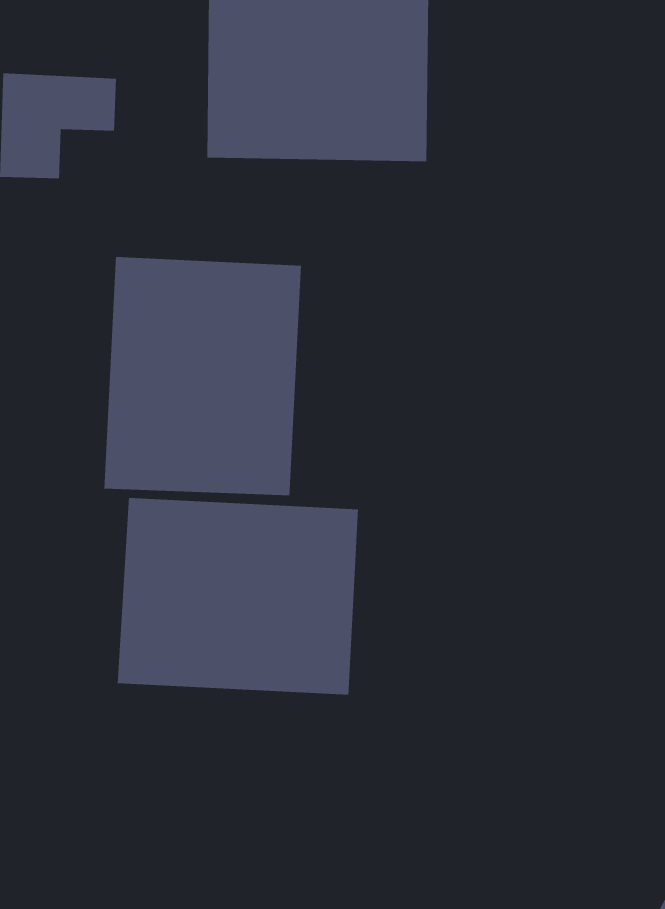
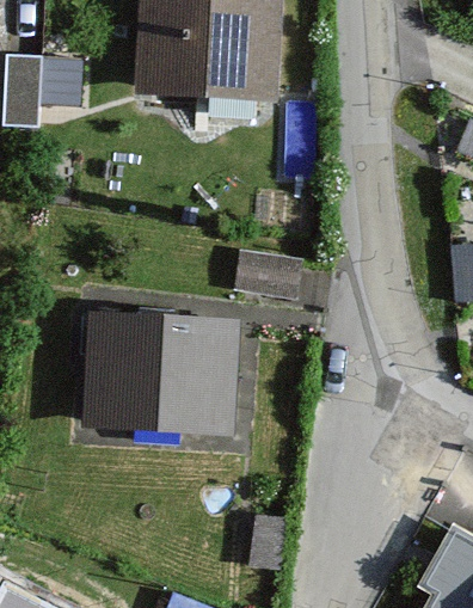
building: [104,256,302,496] -> none

